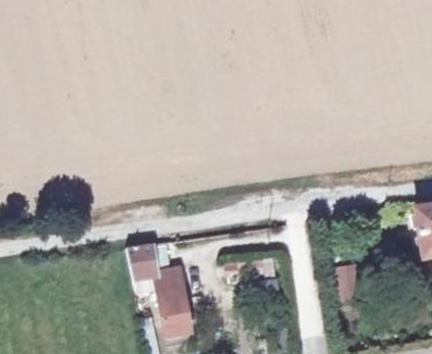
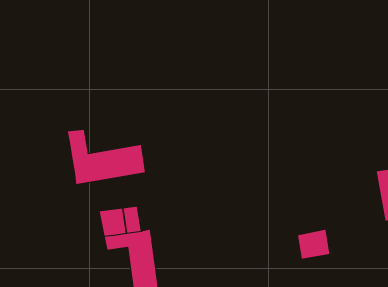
building: none -> [67,129,146,185]

